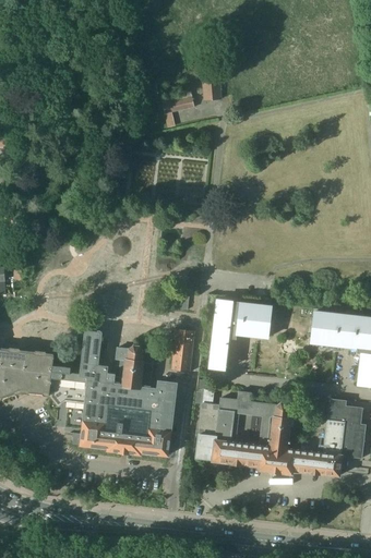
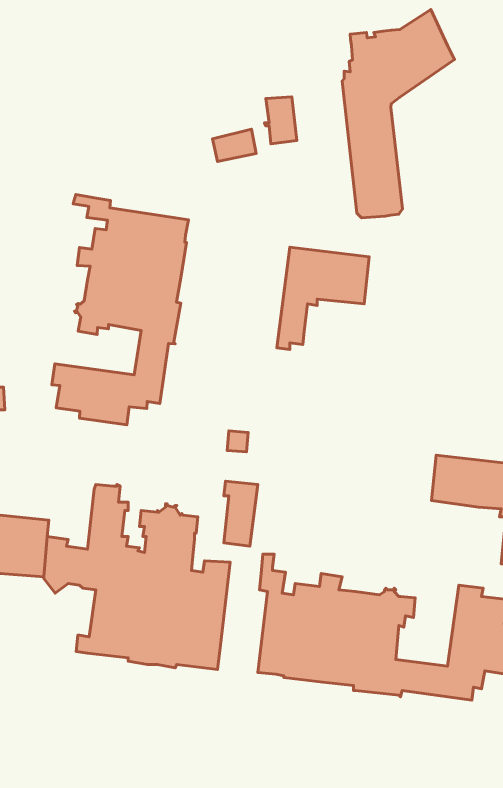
building: none -> [342,9,454,218]
building: none -> [52,194,189,425]
building: [210,300,272,368] -> [277,247,369,349]

